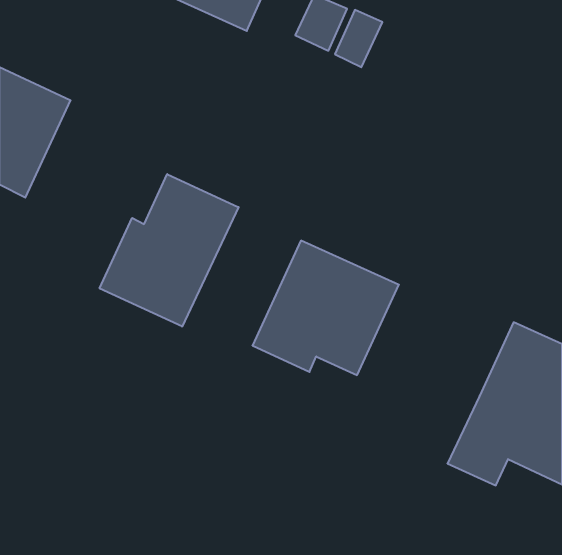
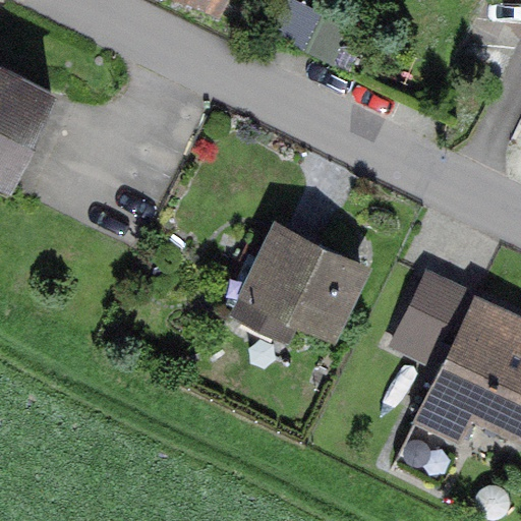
building: [100,174,239,327] -> none
building: none -> [390,269,476,365]

